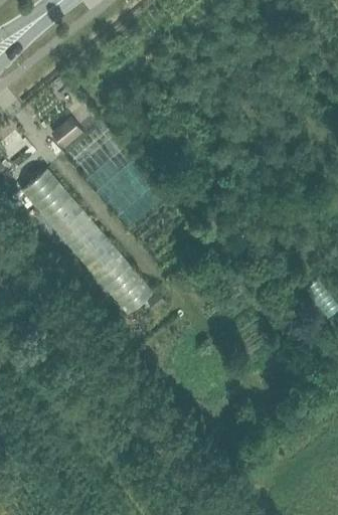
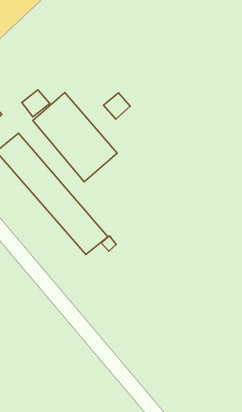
building: none -> [104,93,130,119]

